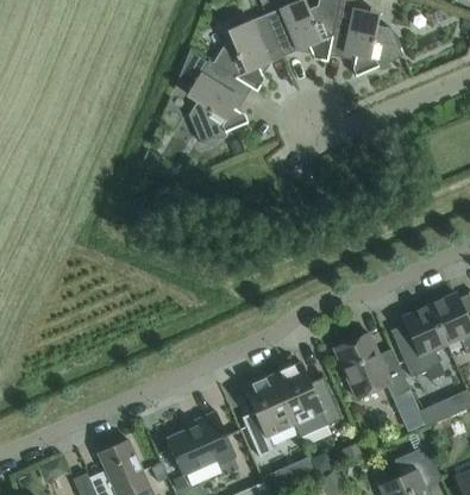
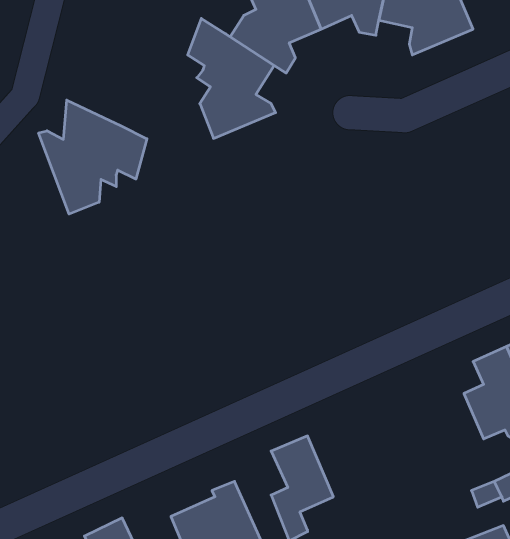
building: none -> [39,100,147,214]
building: [334,332,411,399] -> none
building: [274,363,341,437] -> none

